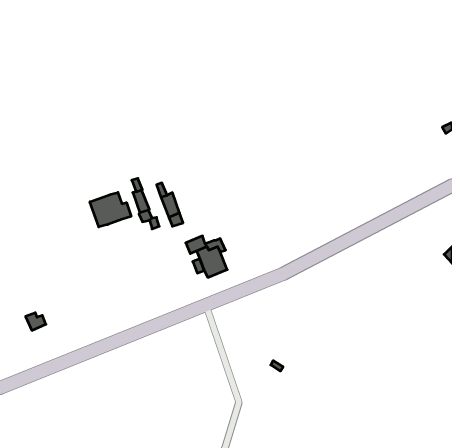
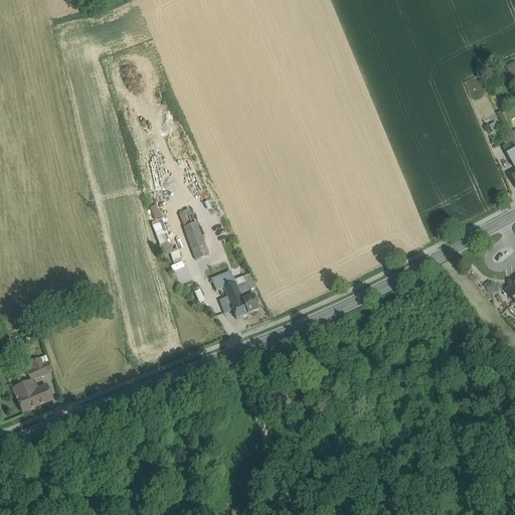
building: [90,192,131,227] -> none
building: none -> [13,380,52,409]

